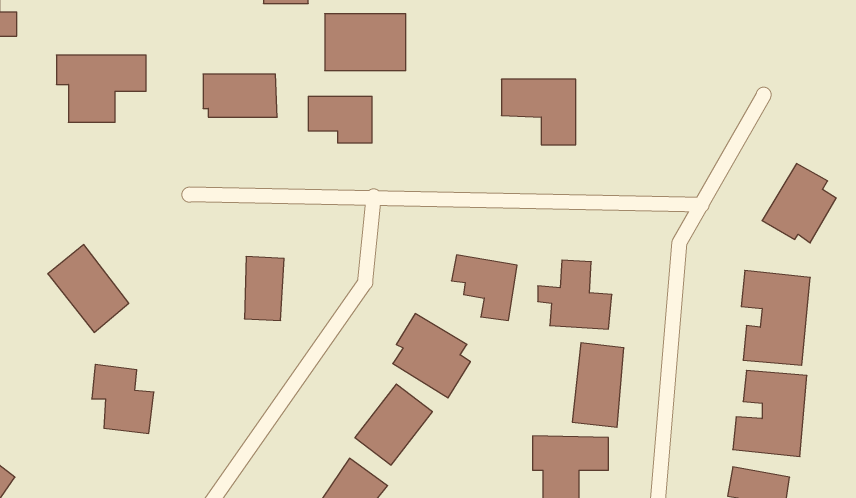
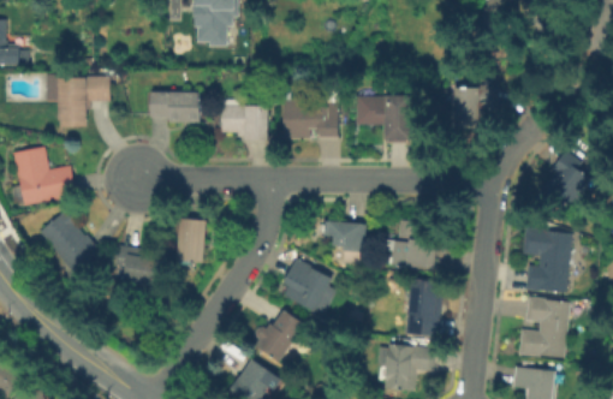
building: [325,14,406,71] -> [281,99,338,138]
building: none -> [451,89,496,127]
building: none -> [14,147,77,204]
building: [92,364,154,433] -> [115,243,159,291]

